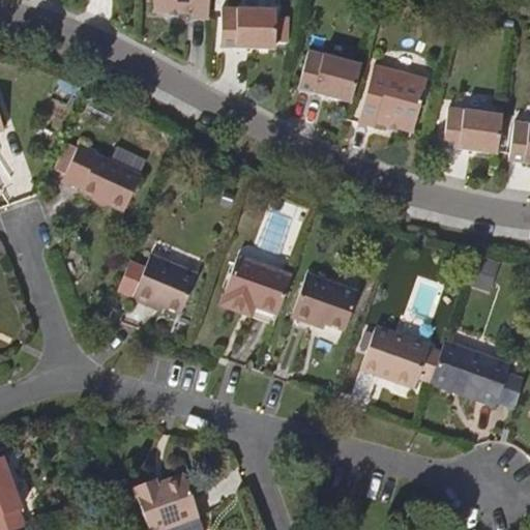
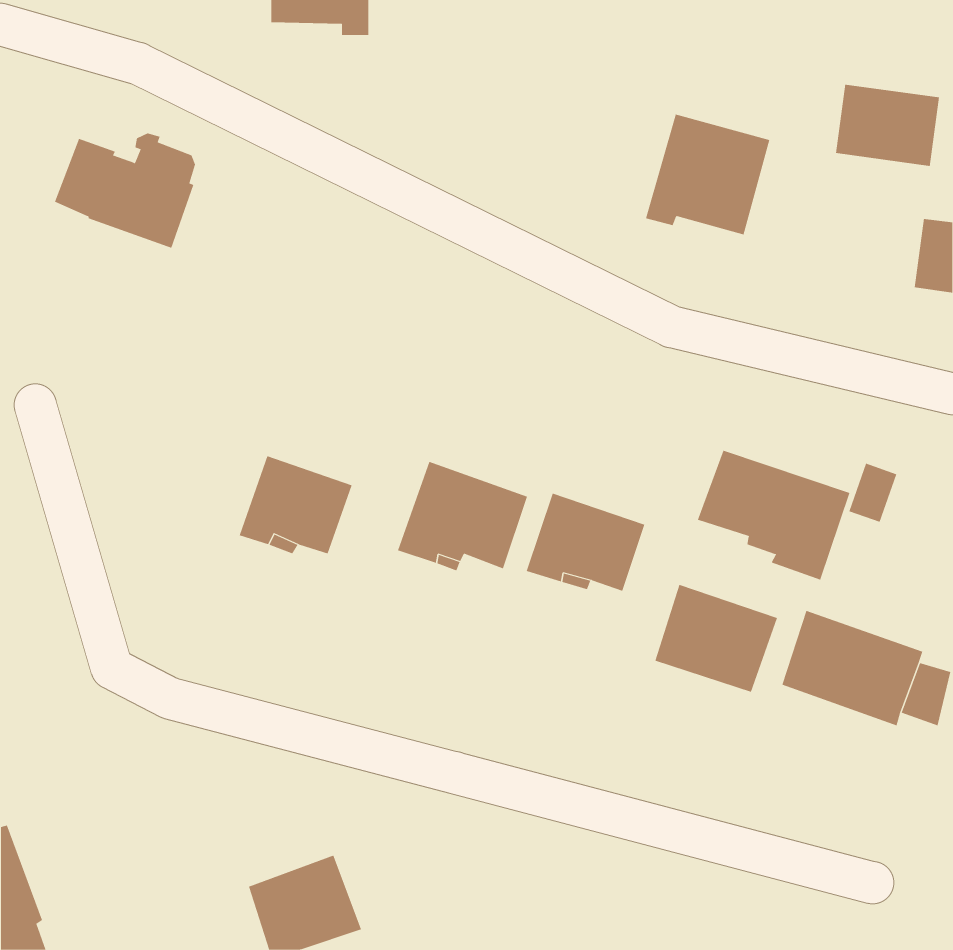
building: [218,8,273,50] -> none
building: [297,51,360,102] -> none
building: [443,110,501,155] -> [835,84,940,166]
building: [62,139,141,203] -> [54,133,196,248]
building: none -> [697,450,850,581]

